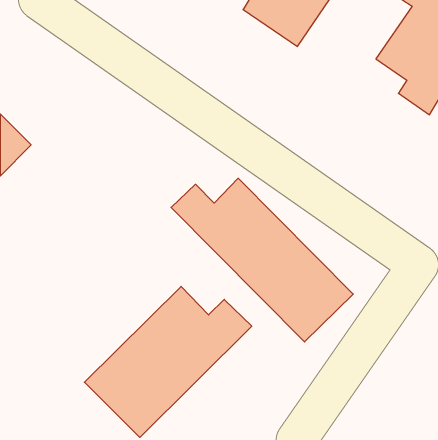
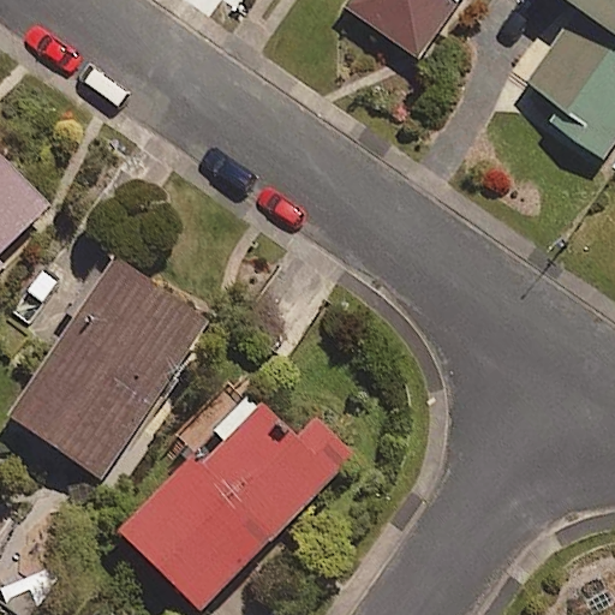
building: [171,178,353,342] -> none
building: none -> [8,259,205,477]

